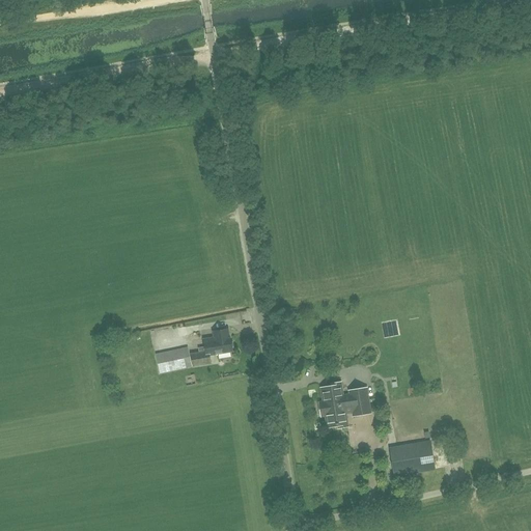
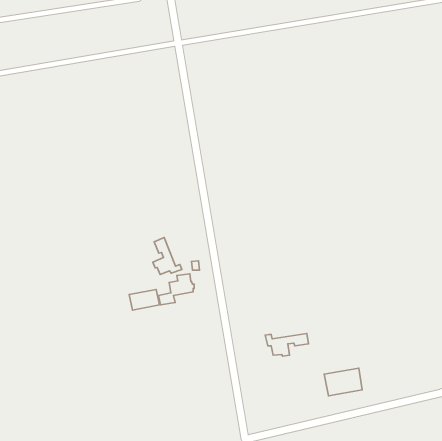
building: none -> [153,238,182,275]
building: [320,381,367,406] -> none

